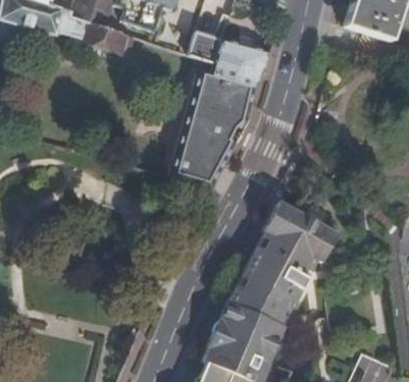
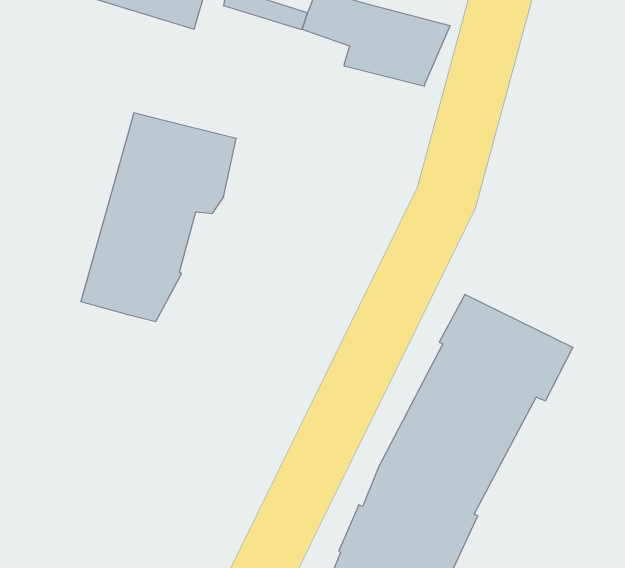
building: [170,70,257,186] -> [81,113,236,322]

